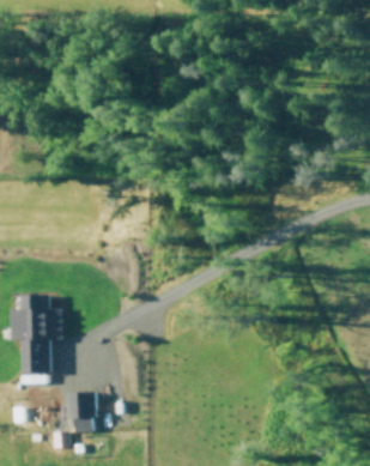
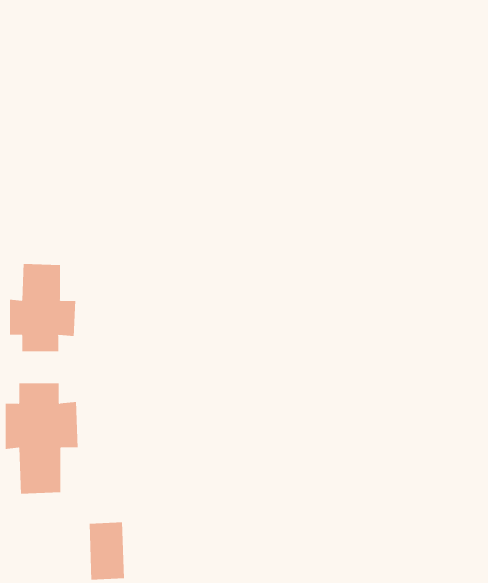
building: none -> [9,263,76,352]

